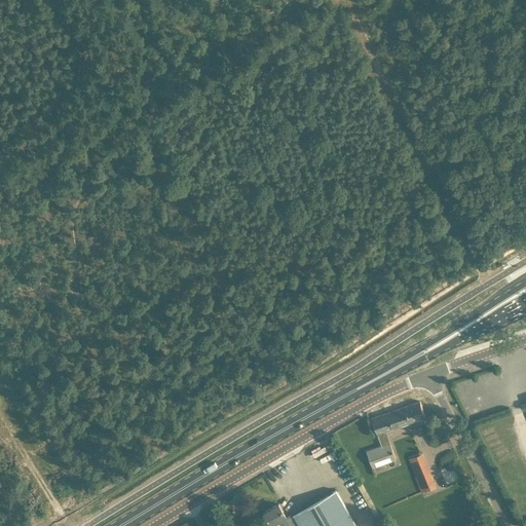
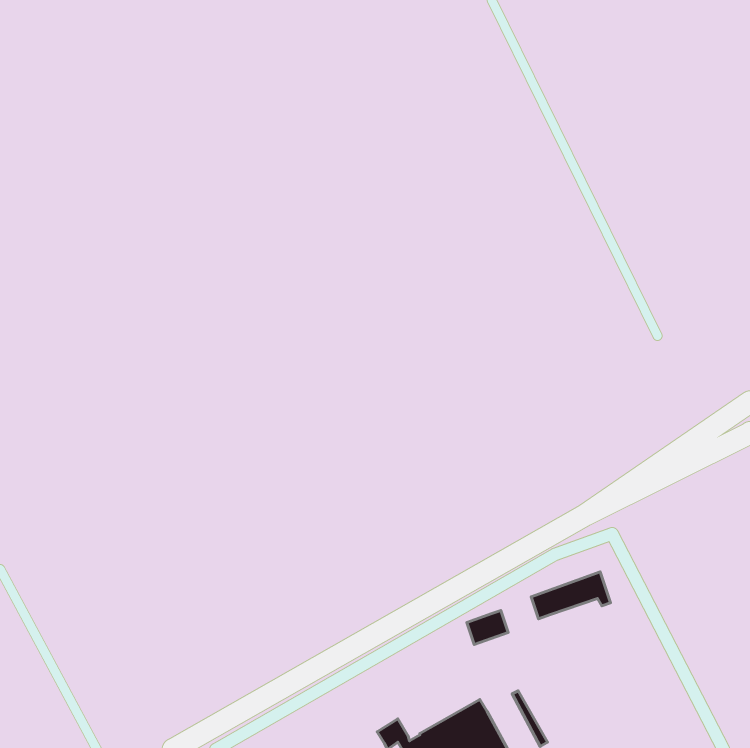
building: [367,444,396,467] -> [467,611,508,644]
building: [409,454,436,493] -> none

